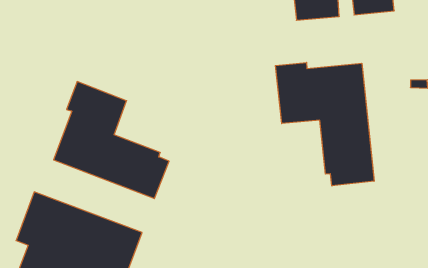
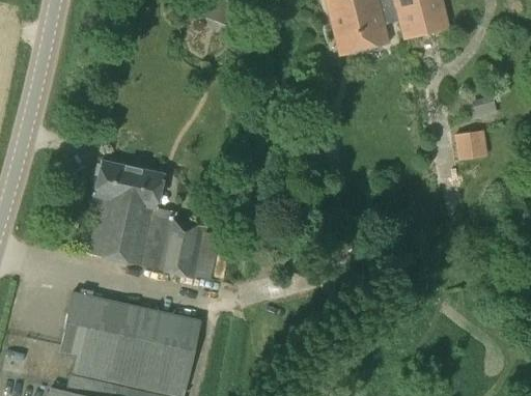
building: [275,62,374,186] -> none
building: none -> [454,131,488,162]

